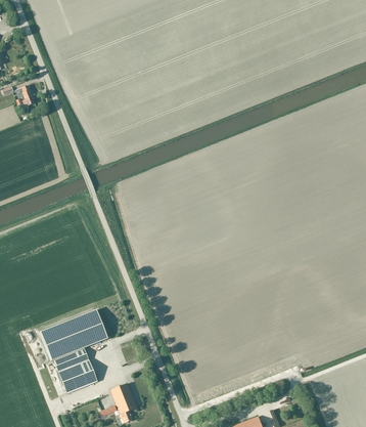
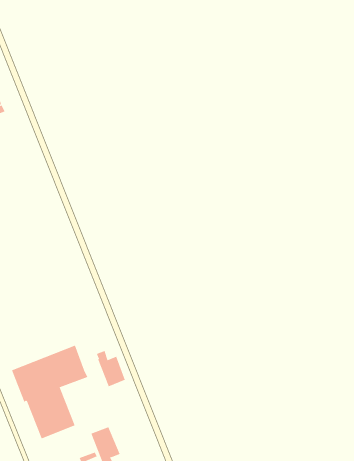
building: none -> [96,350,126,387]

